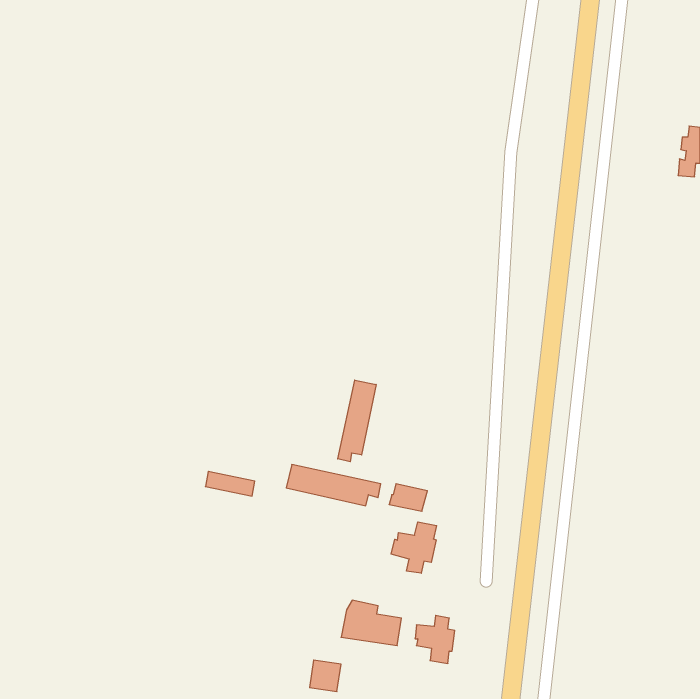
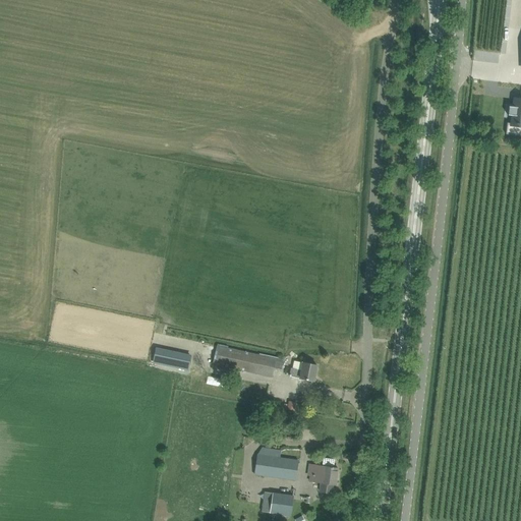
building: [338,380,376,462] -> none
building: [391,522,437,573] -> none
building: [310,660,341,692] -> [270,491,293,515]

